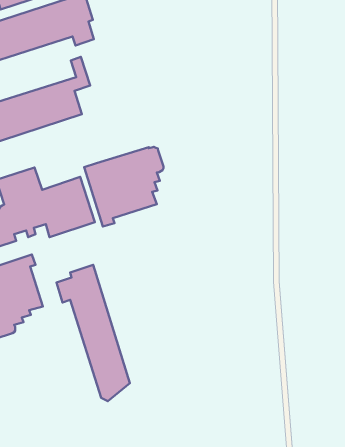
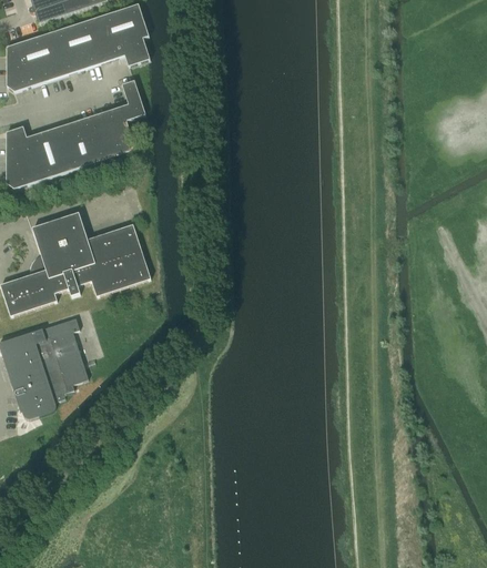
building: [84,147,164,226] -> none
building: [57,265,130,401] -> none

